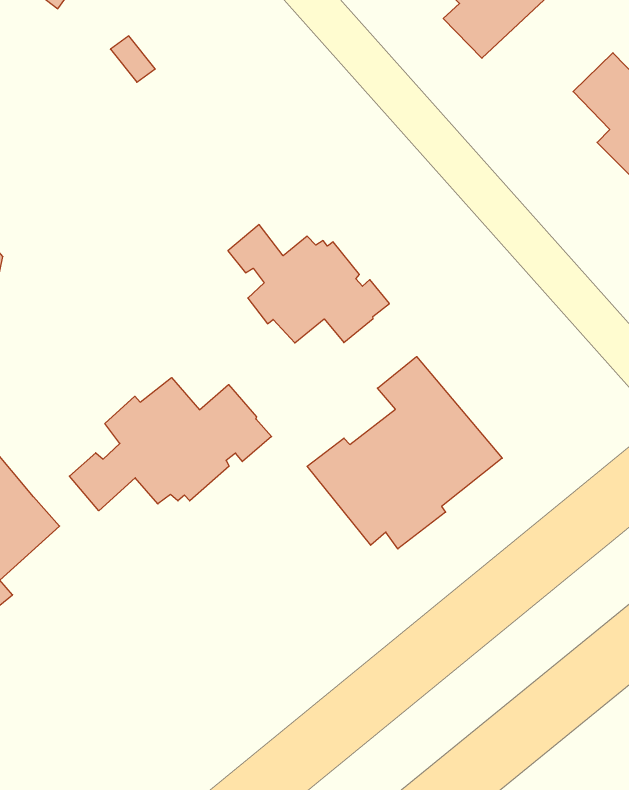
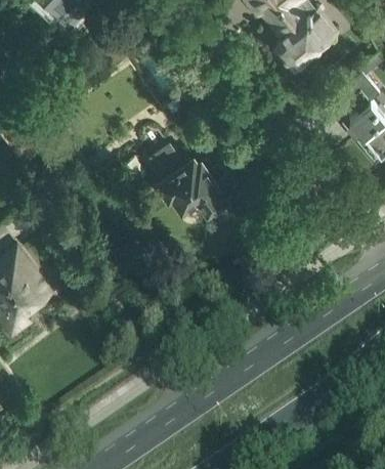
building: [307,357,502,549] -> none
building: [69,378,272,511] -> none

